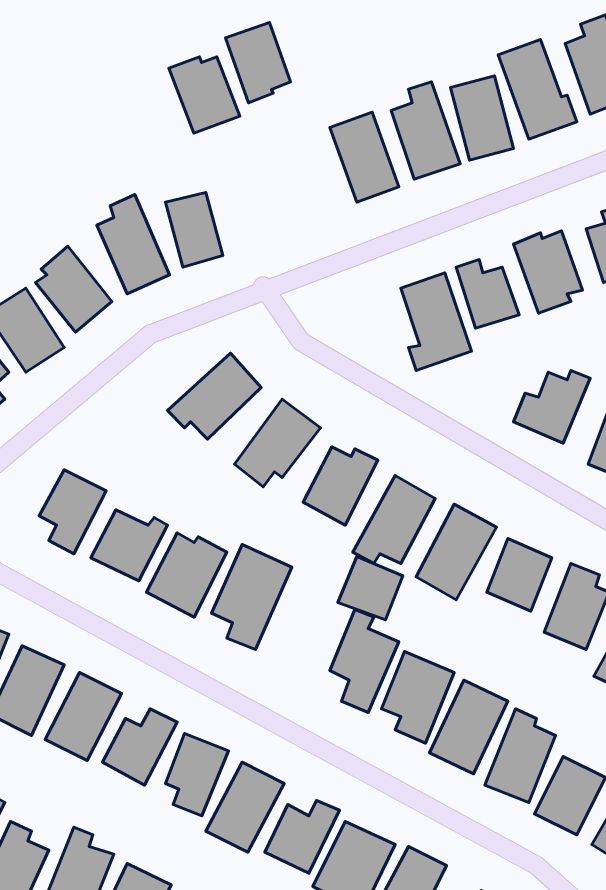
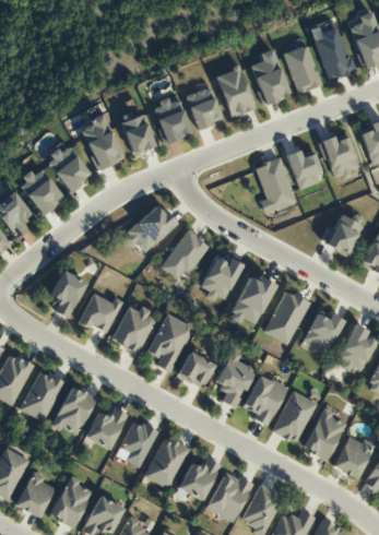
building: [225,22,291,103] -> [185,84,222,130]
building: [169,57,240,133] -> [152,99,192,143]
building: [338,557,403,620] -> [177,352,214,388]

